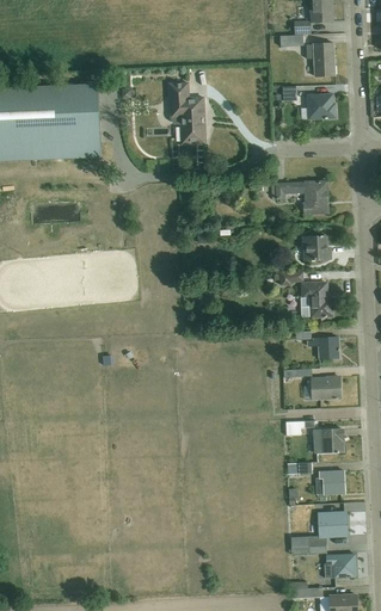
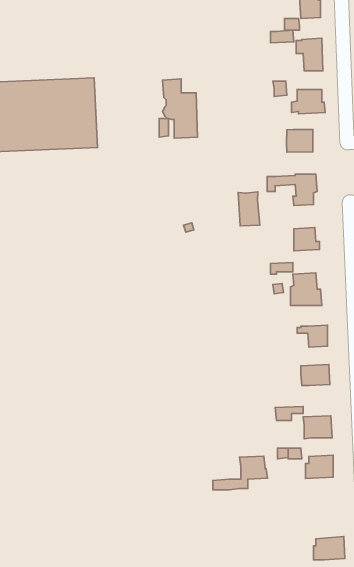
building: none -> [286,129,313,152]
building: none -> [238,192,260,226]
building: [290,512,346,547] -> [213,456,267,490]

